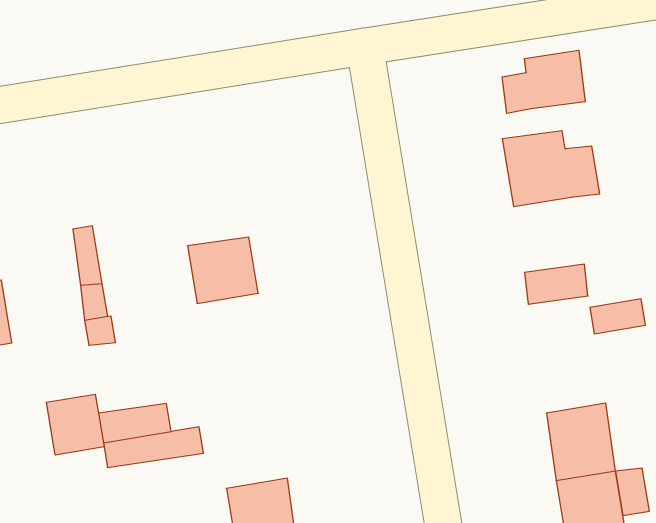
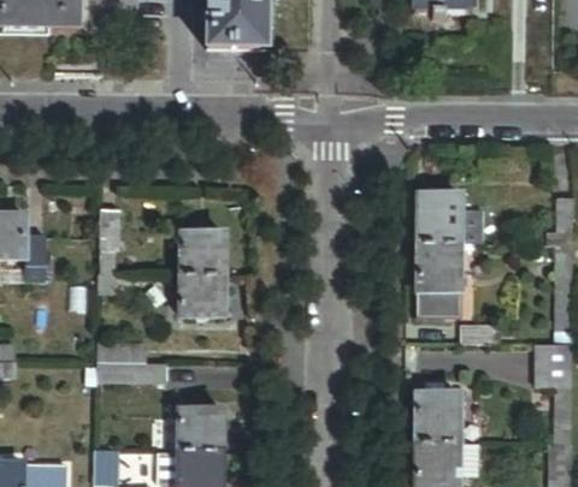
building: [502,50,585,113] -> none
building: none -> [417,243,460,292]
building: none -> [181,274,225,316]
building: [46,394,104,455] -> none

